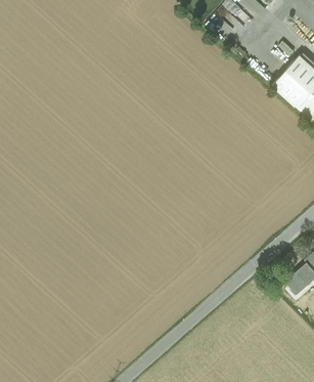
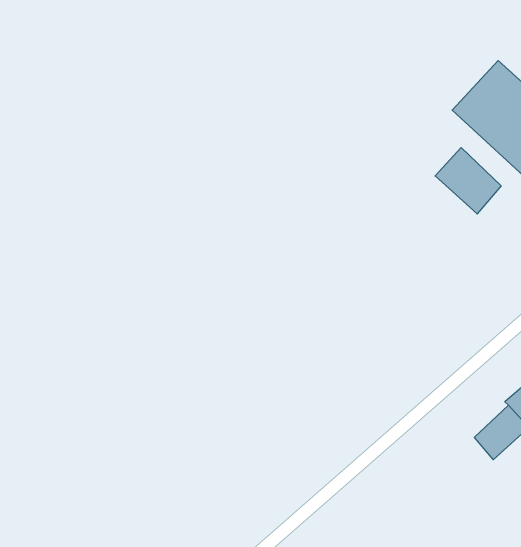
building: none -> [435,148,501,214]

